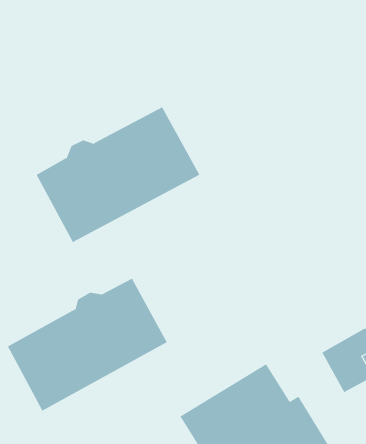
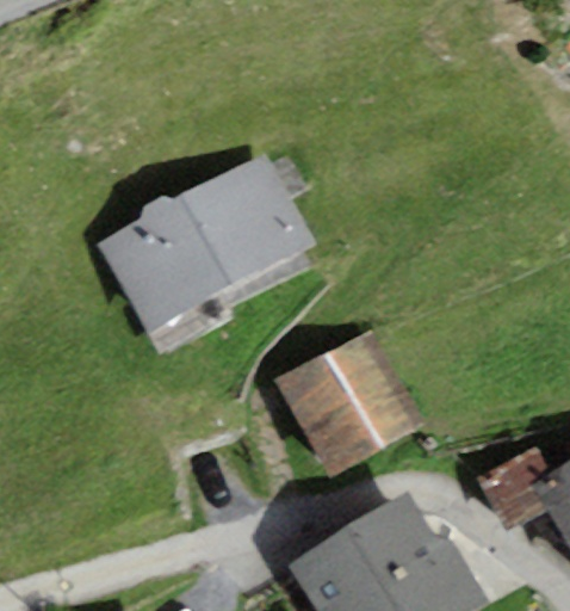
building: none -> [275,328,421,474]
building: [7,278,168,411] -> none

